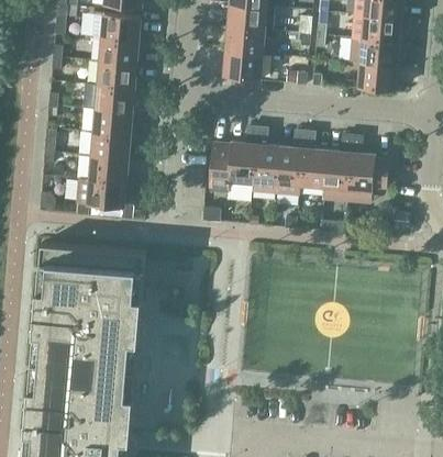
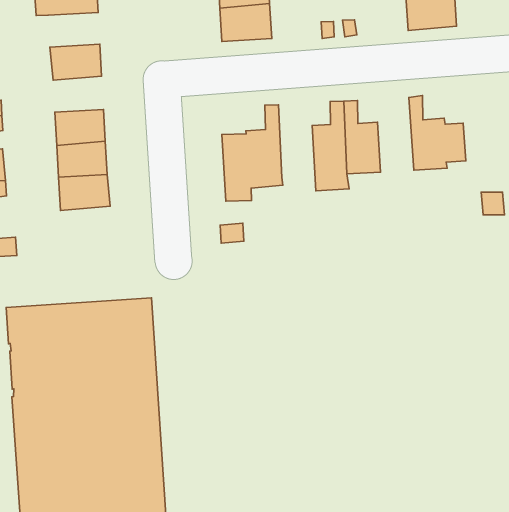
building: [97,38,135,65] -> none
building: [93,86,131,112] -> none
building: [248,127,277,193] -> none
building: [321,135,350,189] -> none
building: [74,179,123,208] -> none

